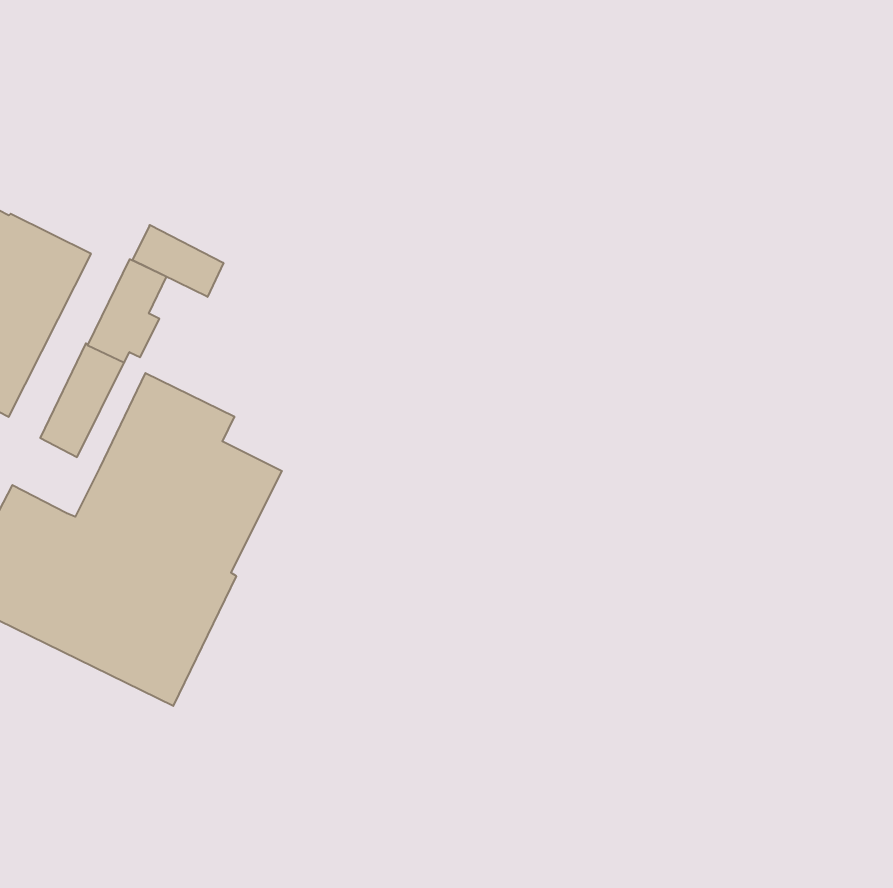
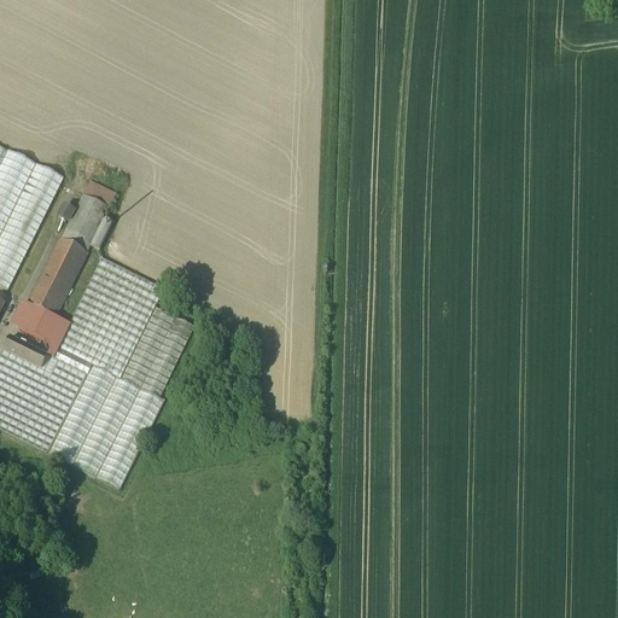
building: [132,225,223,297] -> none
building: none -> [10,298,69,356]

